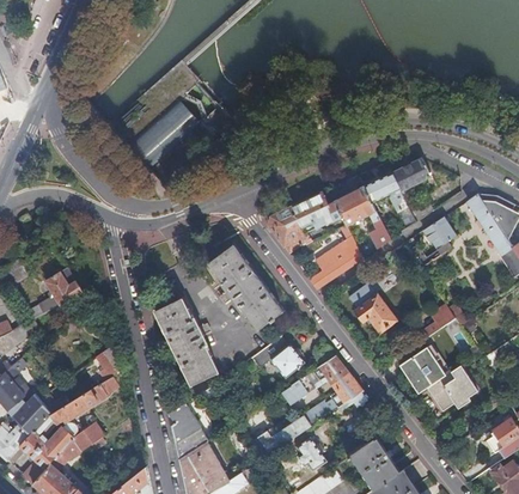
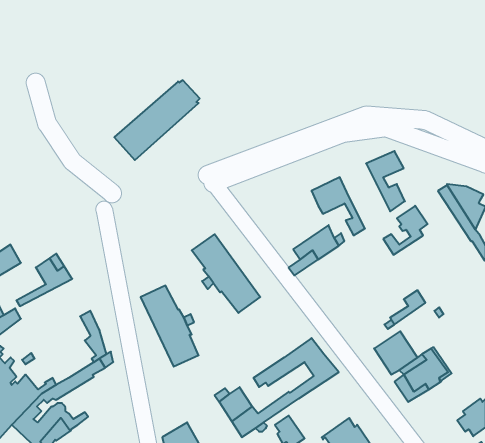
building: [364,172,402,202] -> none
building: [268,193,341,252] -> none
building: [355,287,395,333] -> none
building: [255,336,304,377] -> none
building: [167,404,207,459] -> none

